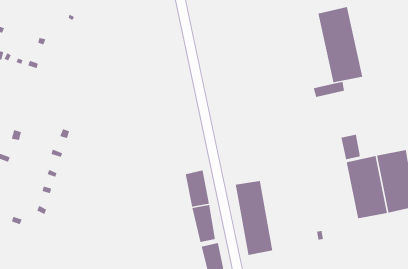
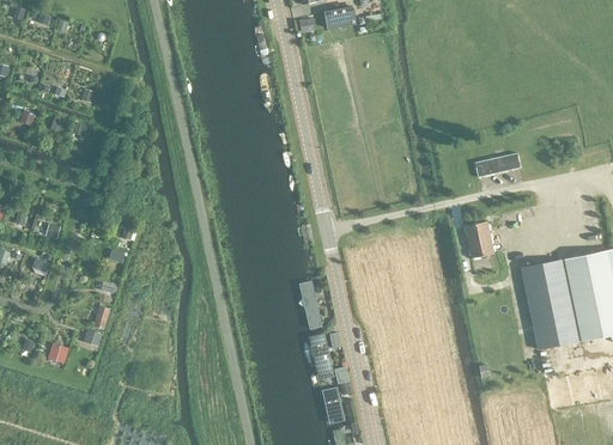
building: [317,6,363,83] -> none
building: [340,134,361,160] -> [466,221,494,258]
building: [235,180,273,256] -> none

